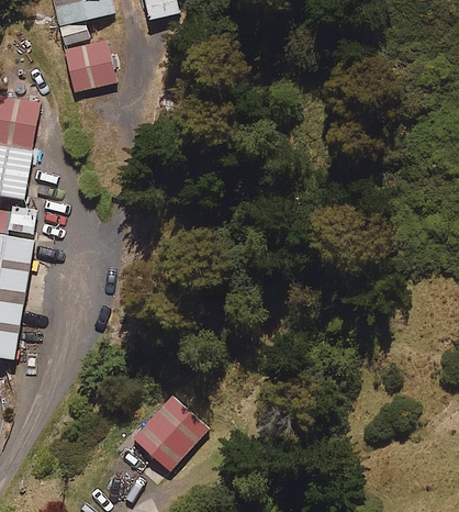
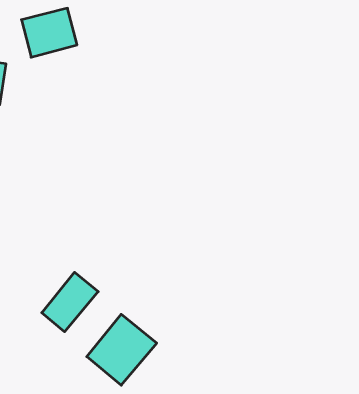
building: none -> [42,272,98,332]

